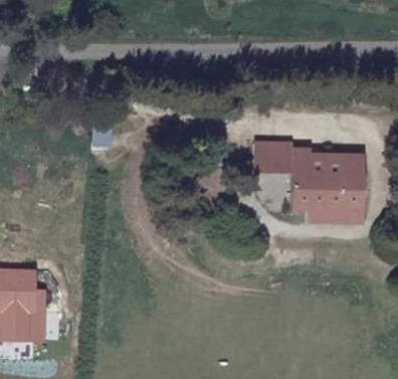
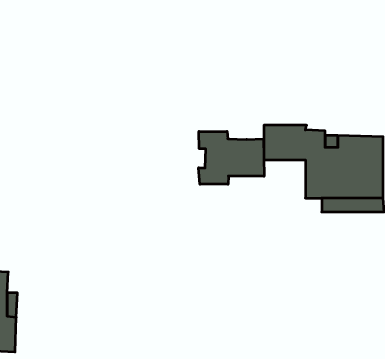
building: none -> [199,131,264,184]

